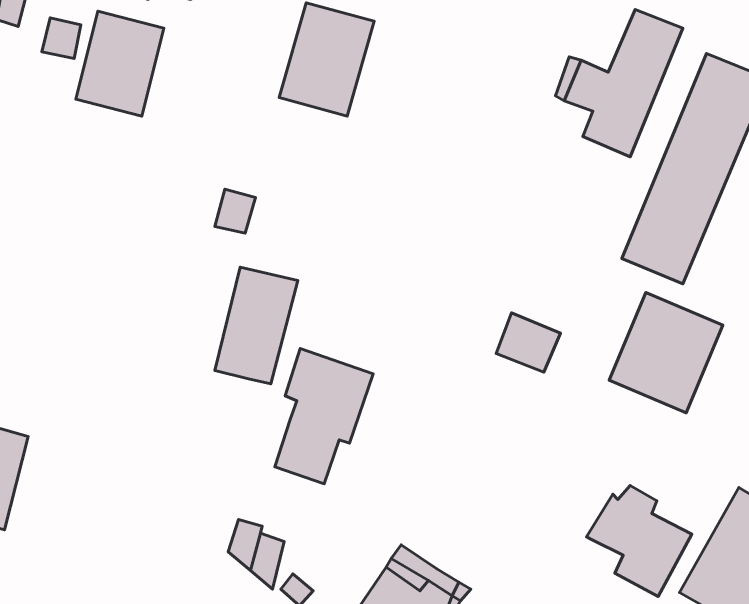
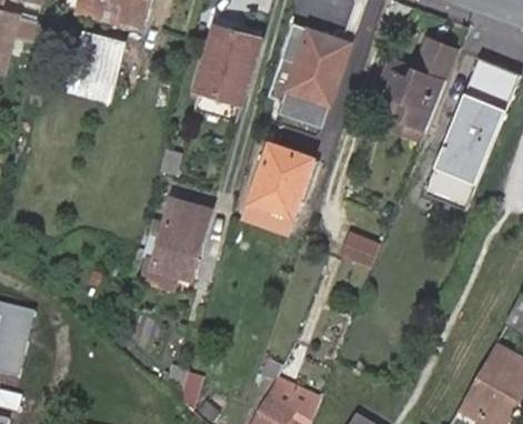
building: none -> [271,32,349,122]
building: [609,292,723,413] -> none
building: [275,348,373,484] -> [248,137,312,225]
building: [586,486,692,596] -> none

